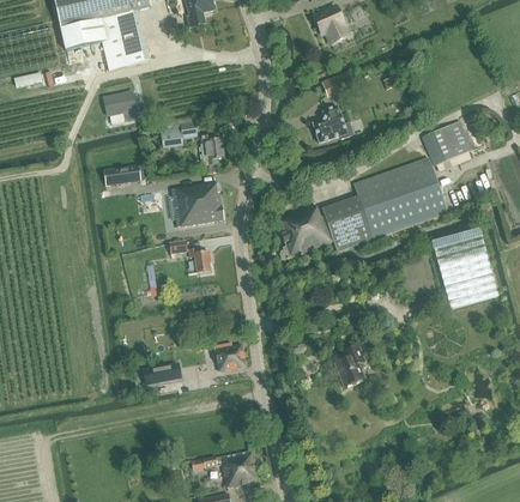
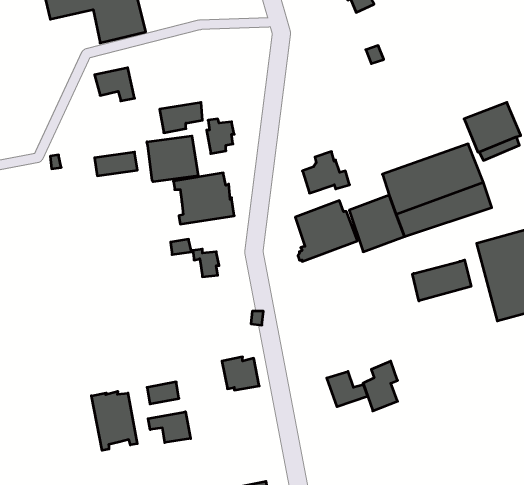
building: [312,107,352,143] -> [302,152,350,193]
building: none -> [147,136,198,182]
building: none -> [412,260,471,301]
building: none -> [327,371,368,407]
building: none -> [91,391,137,450]
building: none -> [148,412,191,443]

